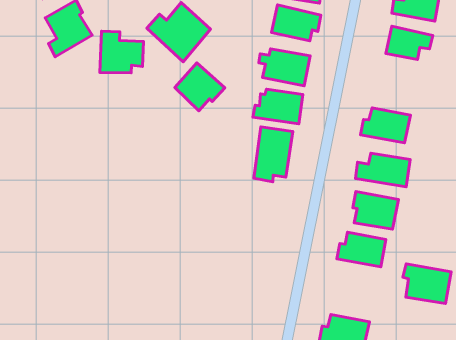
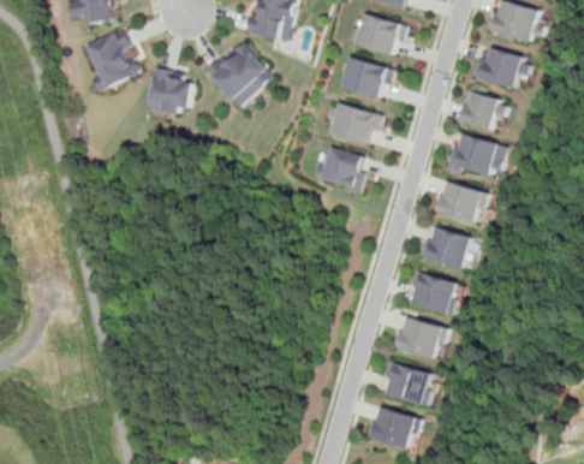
building: [175,63,225,111] -> none
building: none -> [441,133,511,179]
building: [254,127,293,182] -> none
building: [403,264,451,304] -> [385,362,439,410]

